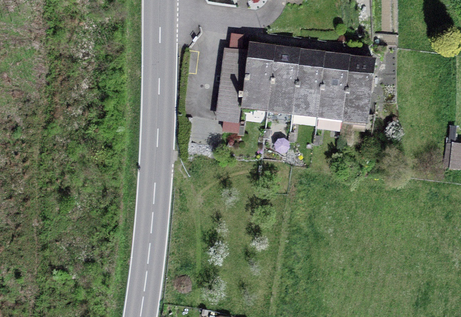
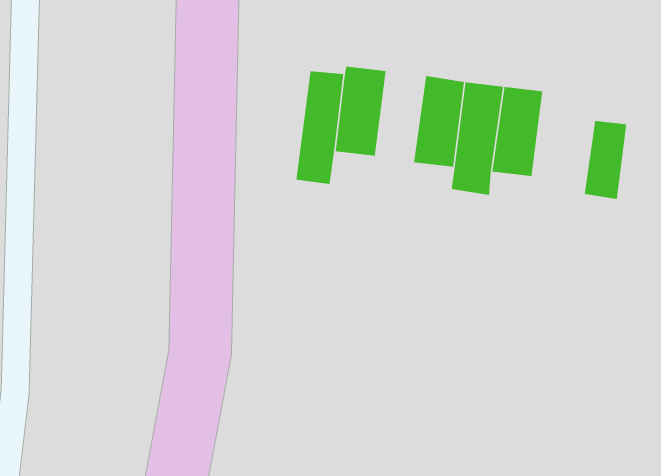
building: [267,48,299,107] -> none
building: none -> [584,120,627,200]

